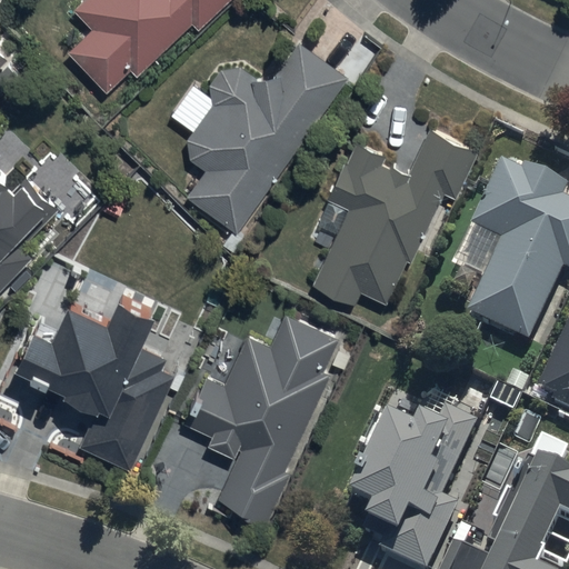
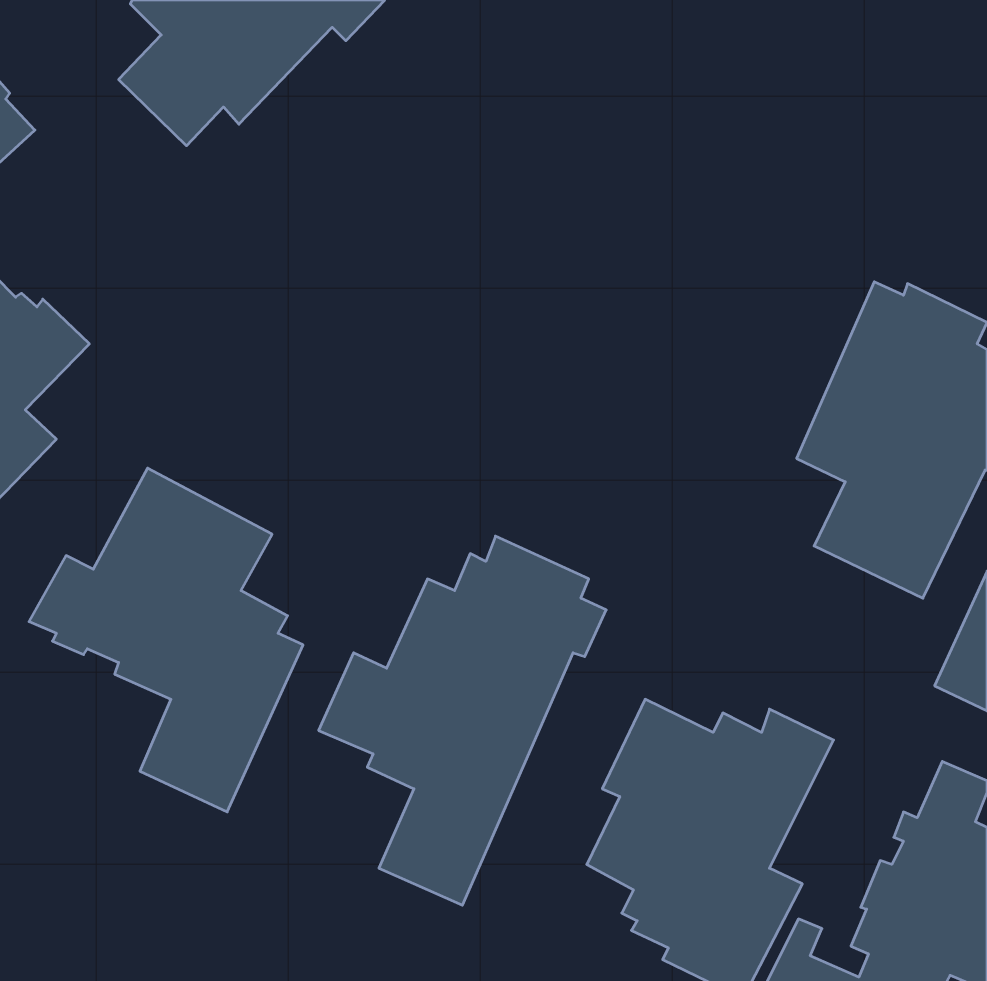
building: [187,42,347,229] -> none
building: [312,127,479,303] -> none

